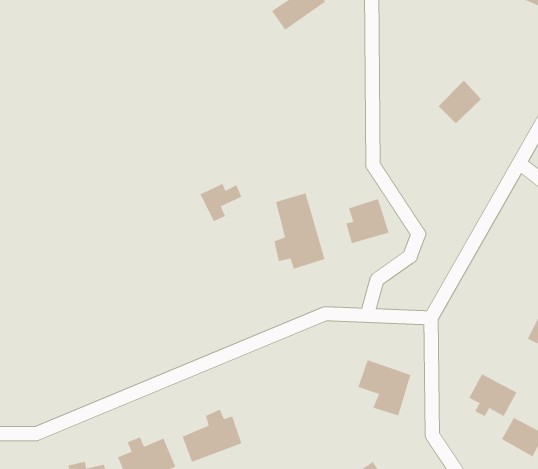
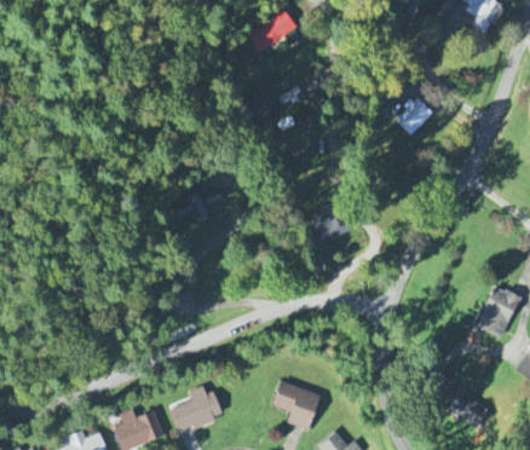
building: [274,192,325,270] -> none
building: [357,360,411,416] -> [272,380,319,429]
building: [469,373,517,417] -> none

